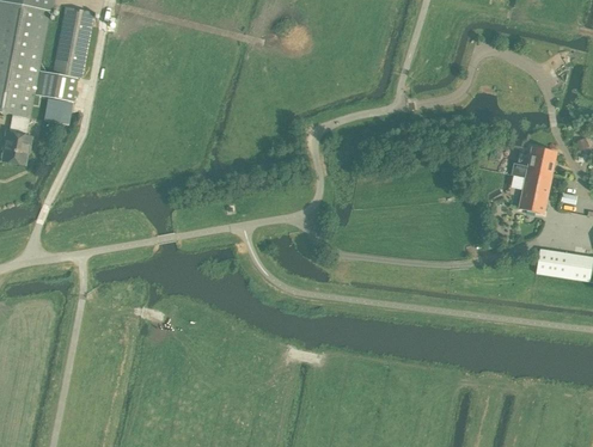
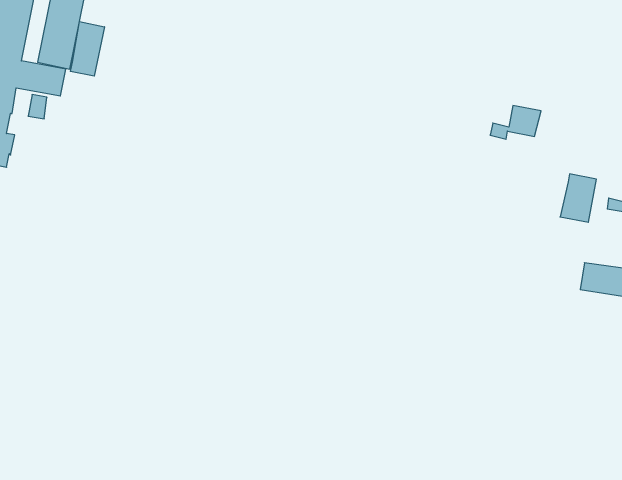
building: none -> [70,22,104,76]
building: [511,147,556,177] -> [490,106,541,139]

